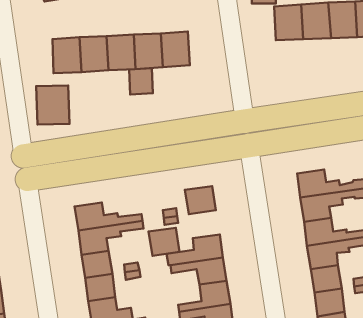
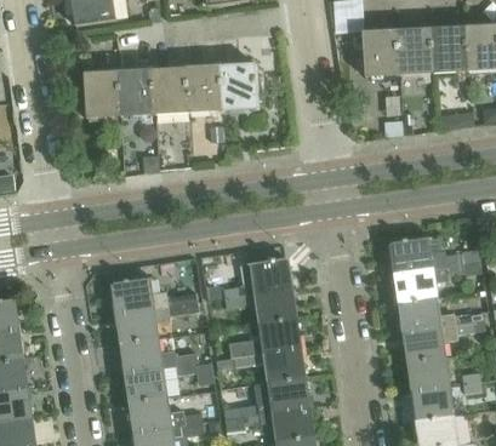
building: [129,68,153,94] -> none
building: [36,85,70,124] -> none
building: [149,228,180,256] -> [256,288,295,324]

